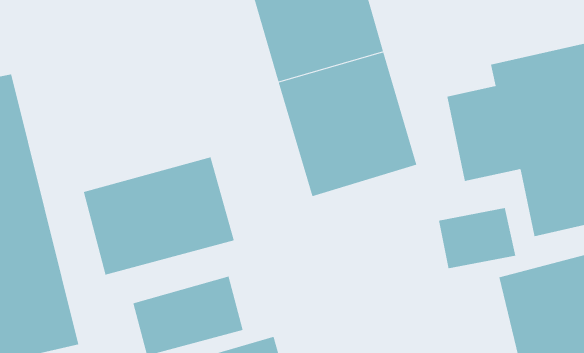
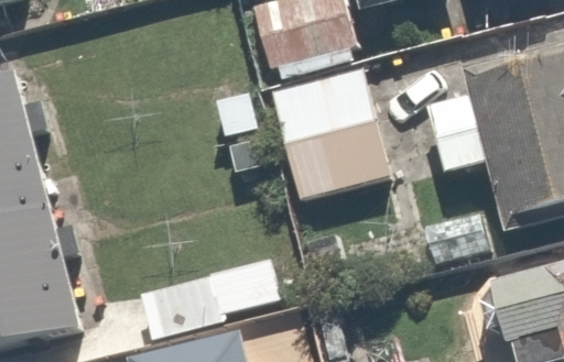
building: [83,157,235,276] -> none

